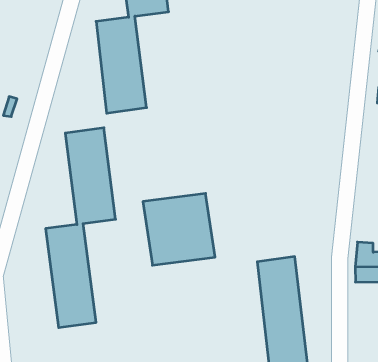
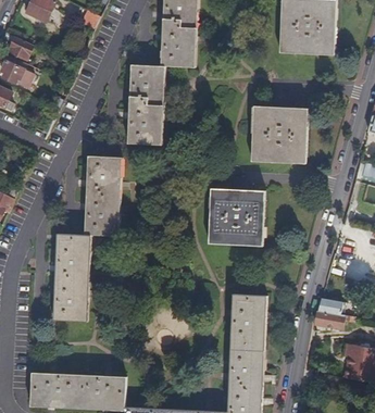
building: none -> [251,104,307,162]
building: [143,193,215,265] -> [208,186,263,243]

